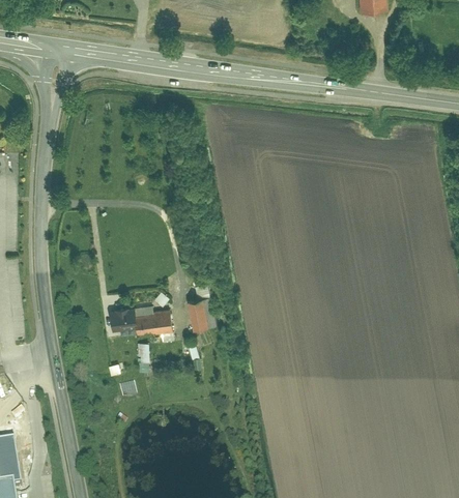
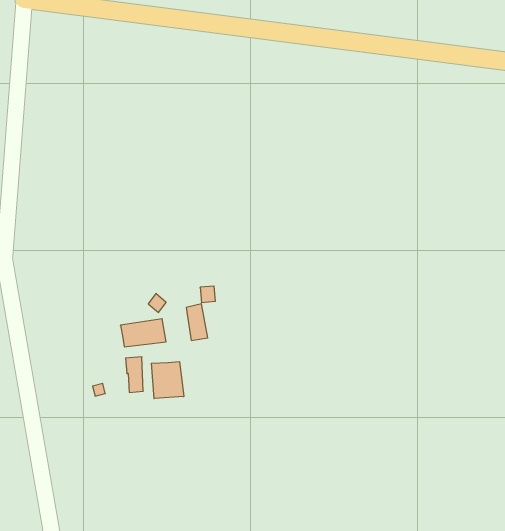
building: [110,309,136,330] -> none
building: none -> [151,362,184,399]

